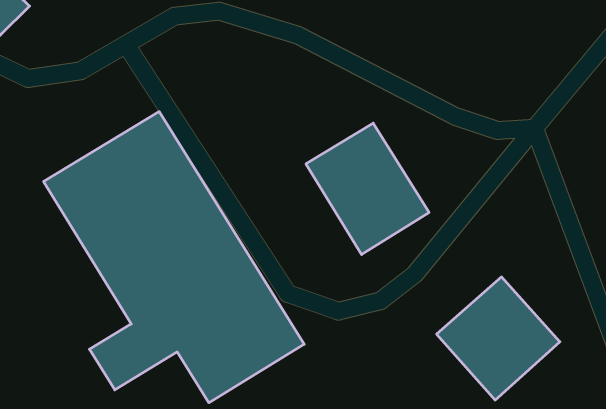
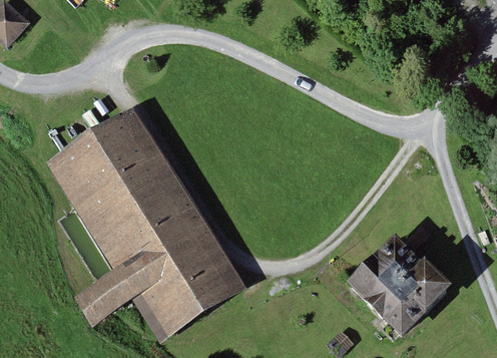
building: [306,123,429,255] -> none

